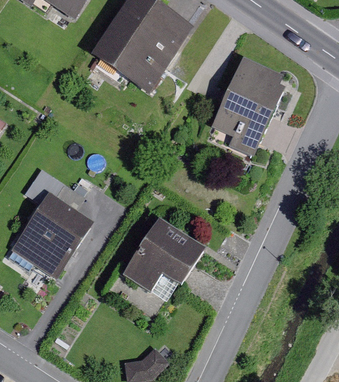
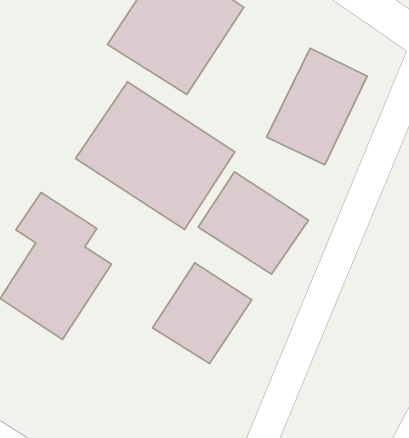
building: none -> [75,82,235,229]
building: none -> [198,172,308,274]

